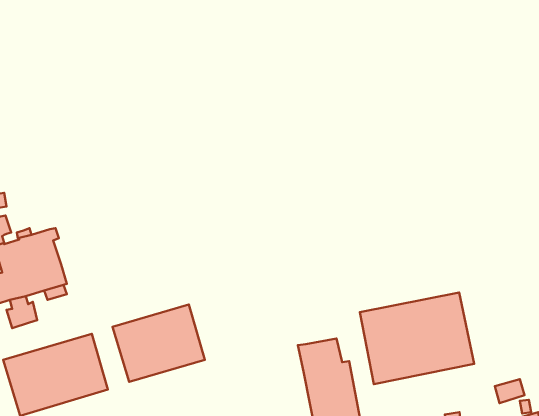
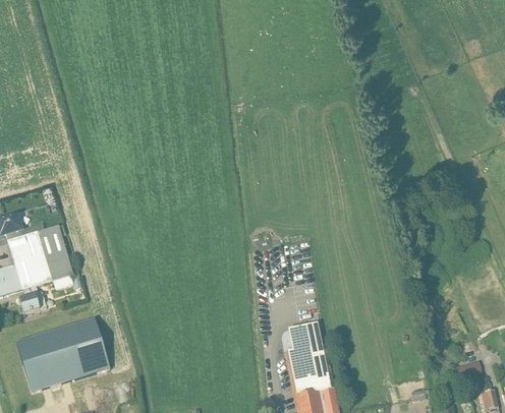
building: [360,292,474,384] -> none
building: [113,304,205,382] -> none

